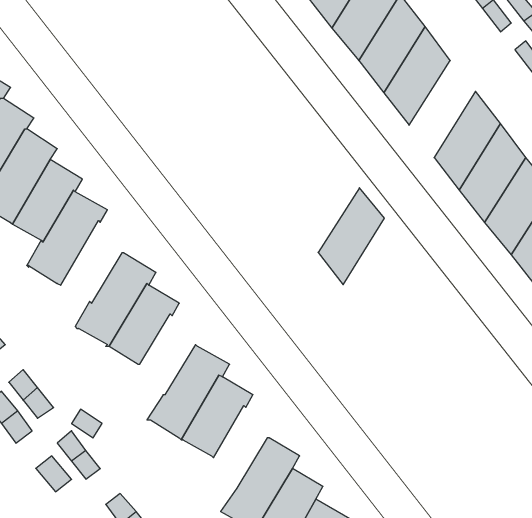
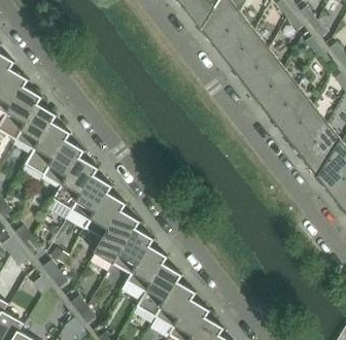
building: [318,188,384,285] -> [244,47,282,103]
building: none -> [44,139,85,186]
building: none -> [84,193,127,239]
building: none -> [126,245,168,293]

